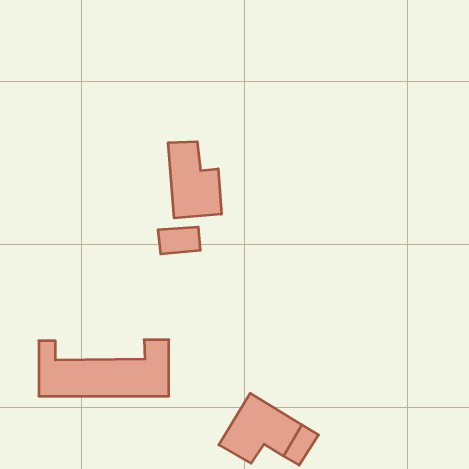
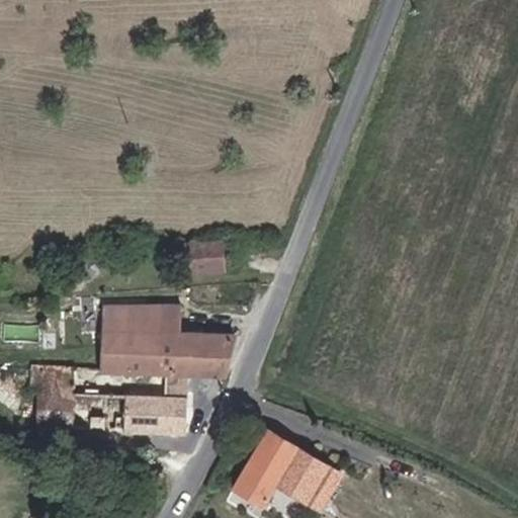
building: [168,142,221,218] -> none
building: none -> [93,309,226,372]

